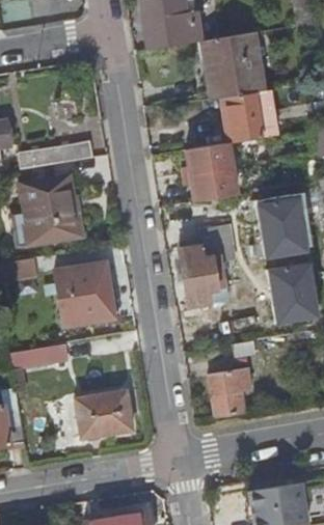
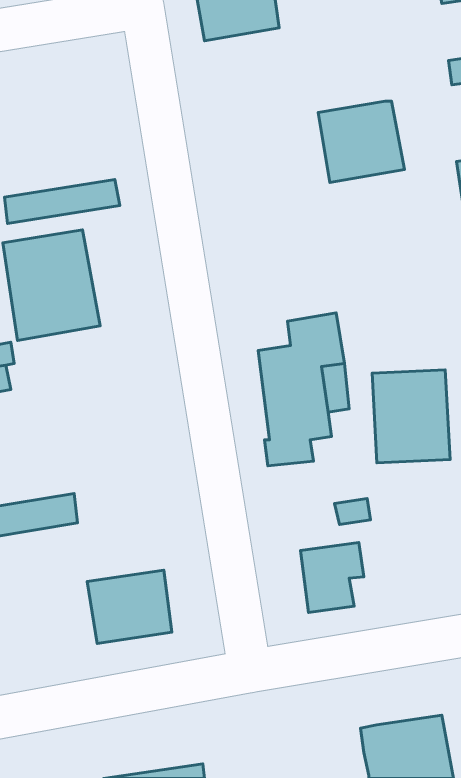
building: [204,36,265,100] -> none
building: [188,143,237,202] -> none
building: [242,191,305,259] -> none
building: [55,261,114,325] -> none

